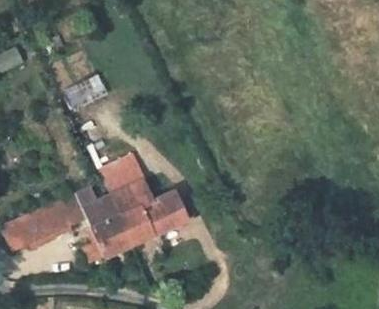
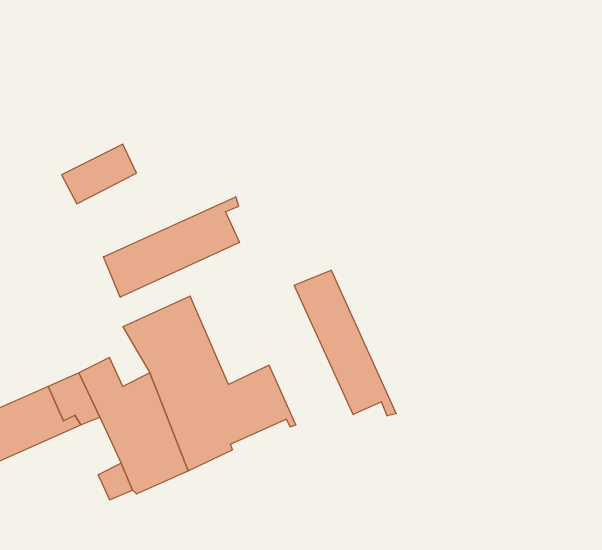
building: none -> [103,197,239,297]
building: none -> [294,270,396,416]

